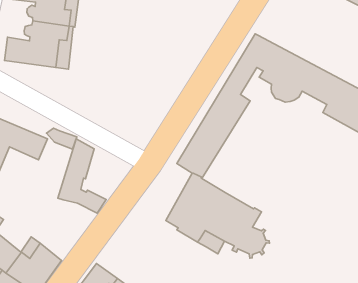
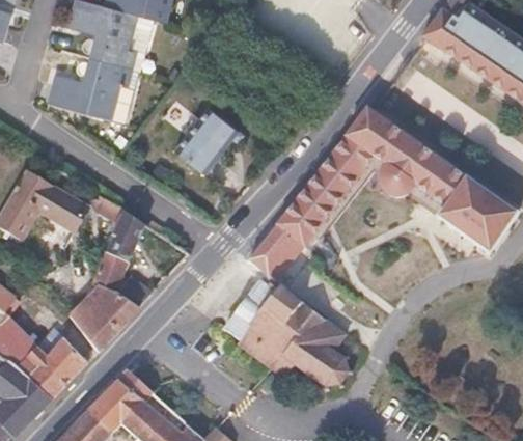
building: none -> [174,107,238,174]
building: none -> [68,286,139,352]

